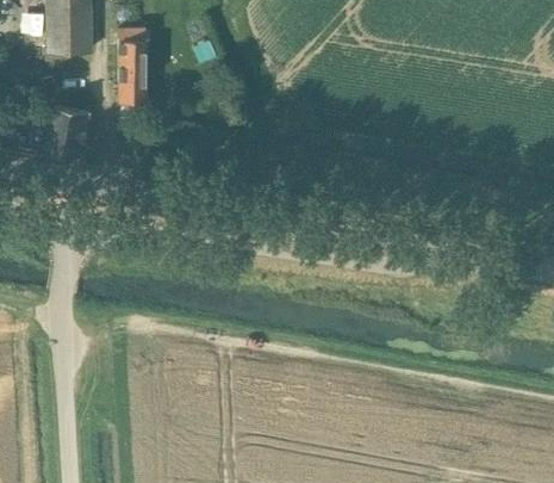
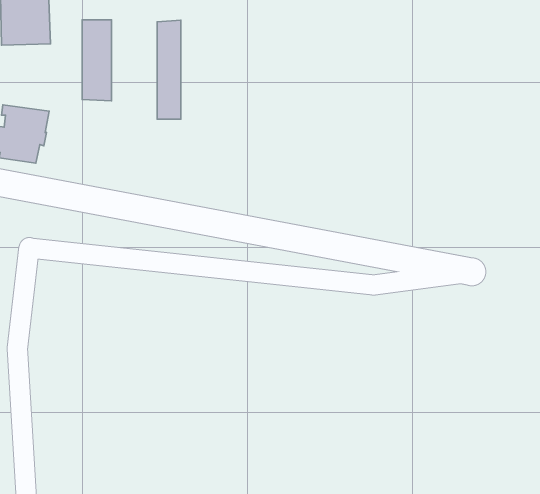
building: none -> [157,20,181,119]

